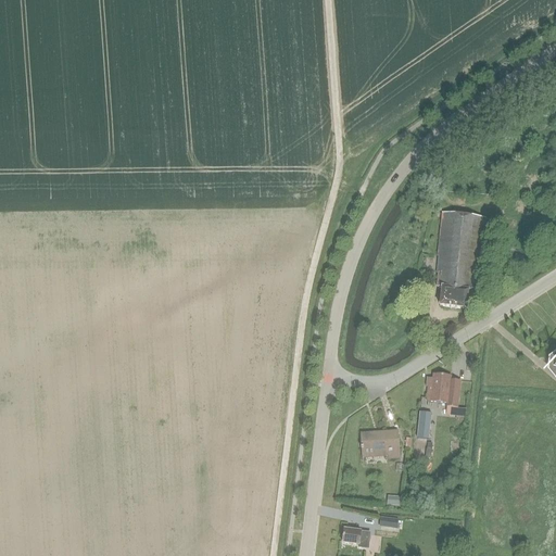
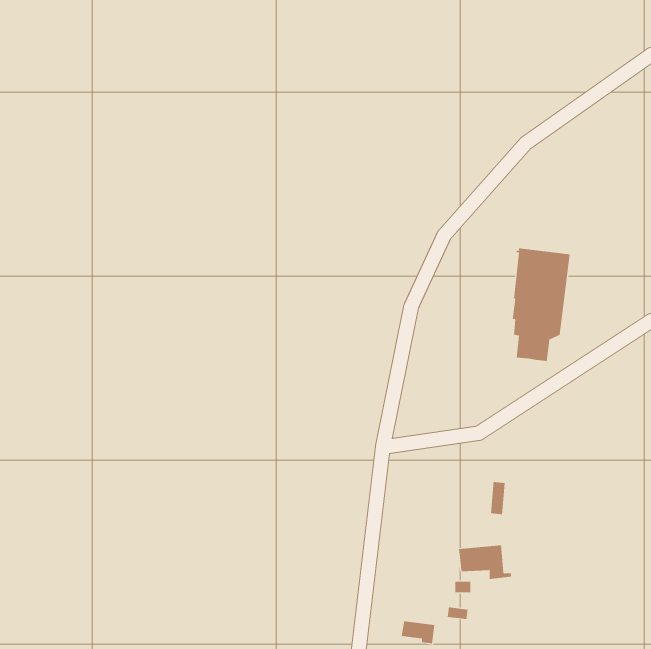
building: [426,372,459,406] -> none
building: [359,428,405,457] -> [458,545,512,579]

